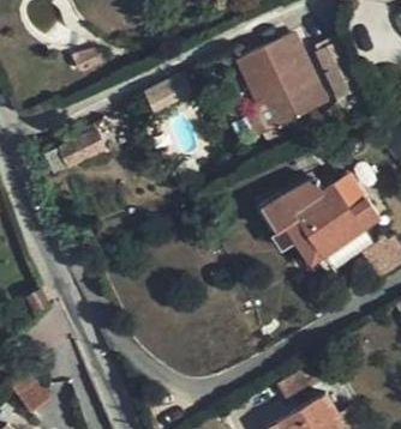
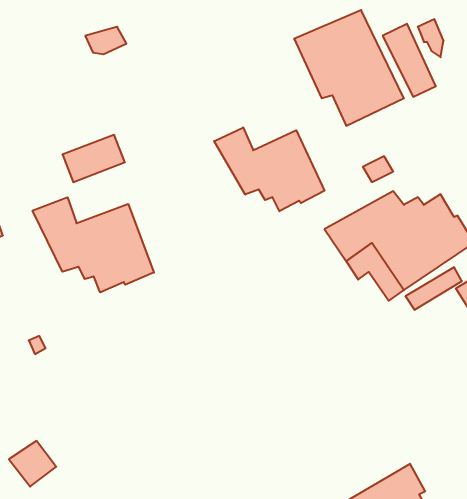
building: none -> [214,127,324,211]
building: none -> [33,197,154,292]

